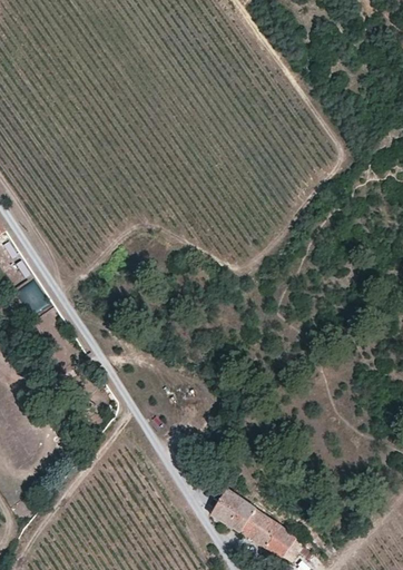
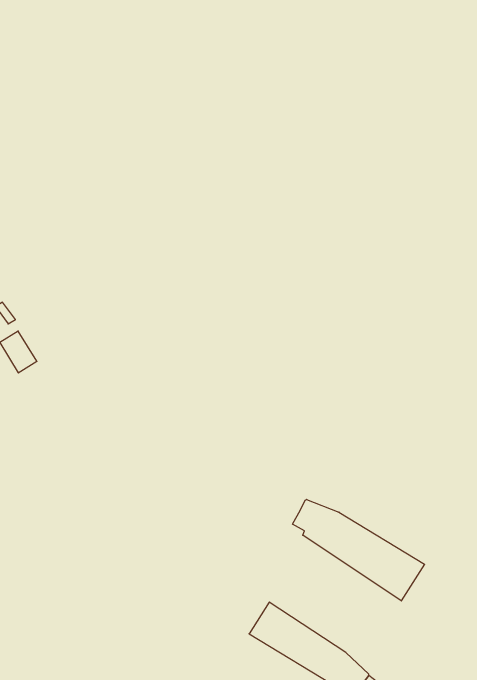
building: none -> [293,499,425,601]

